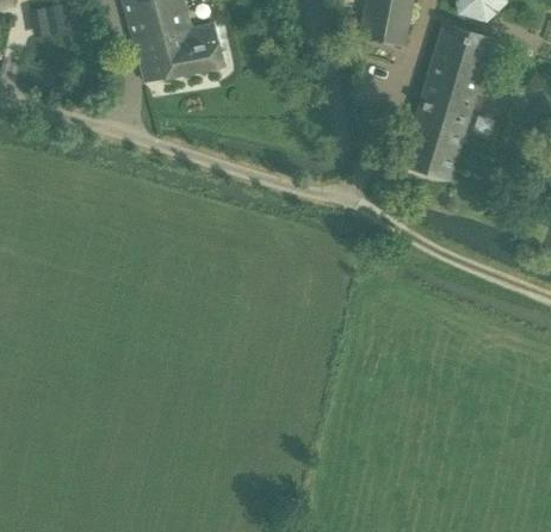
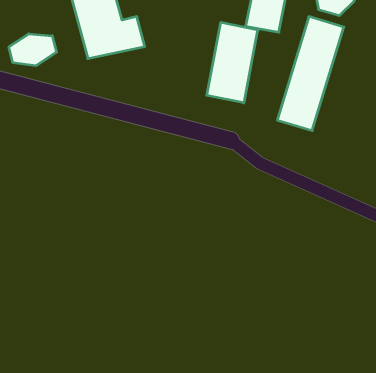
building: none -> [207,22,258,103]
building: none -> [9,34,57,66]

